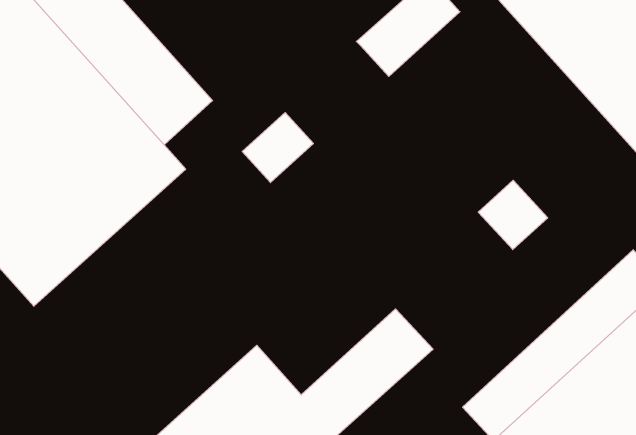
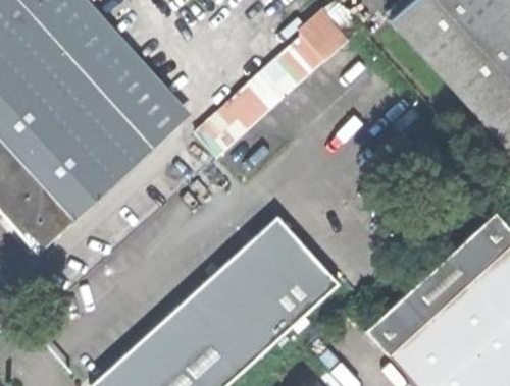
building: none -> [227,54,306,128]
building: none -> [136,96,190,148]
building: [478,180,548,250] -> none
building: none -> [206,216,311,319]

